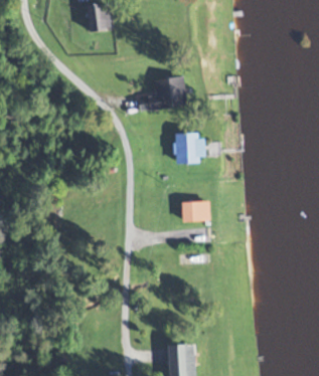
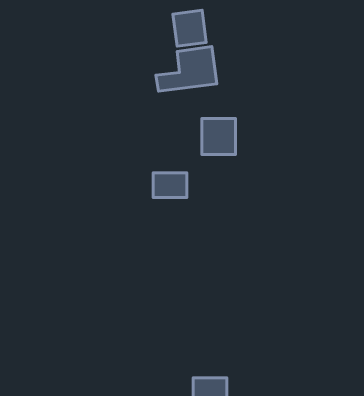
building: none -> [173,10,206,46]
building: [183,201,210,221] -> [153,173,187,197]

